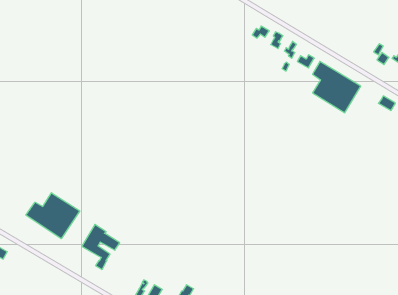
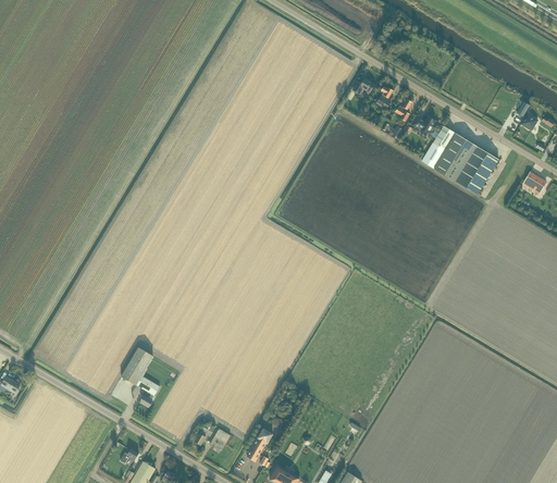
building: [26,193,80,239] -> none

